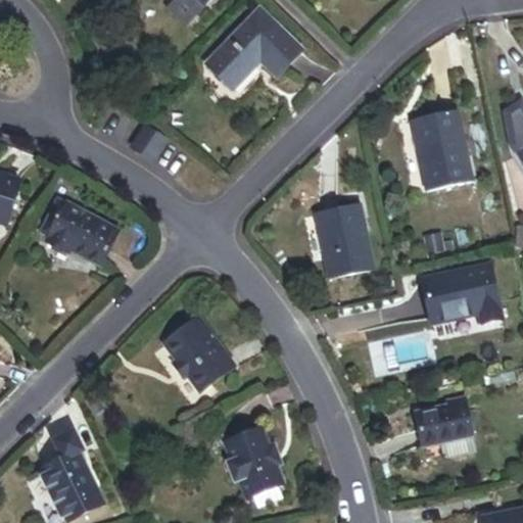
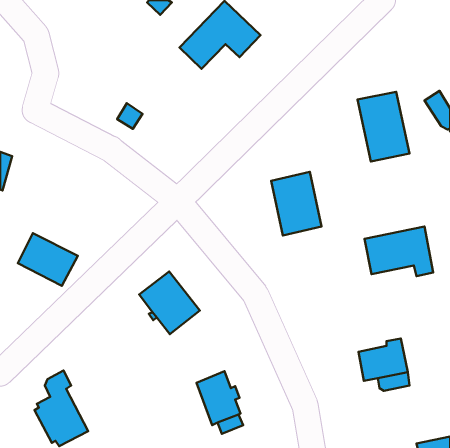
building: [46,201,115,263] -> [18,233,78,286]

